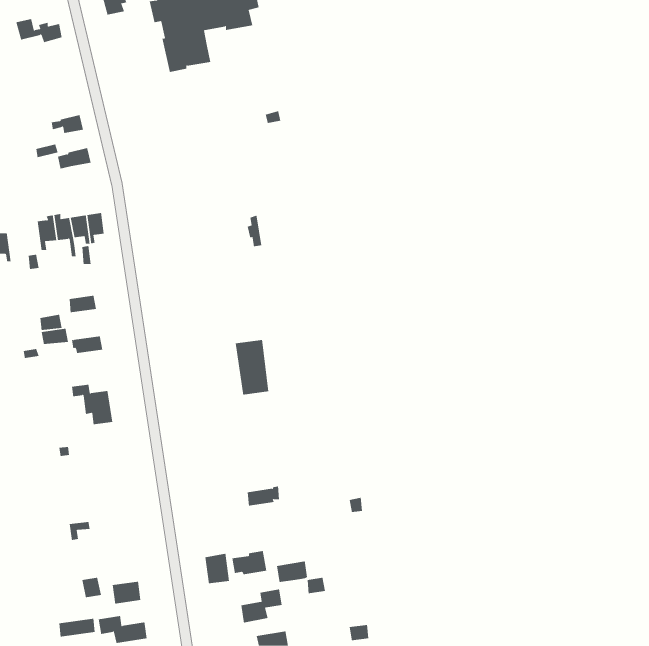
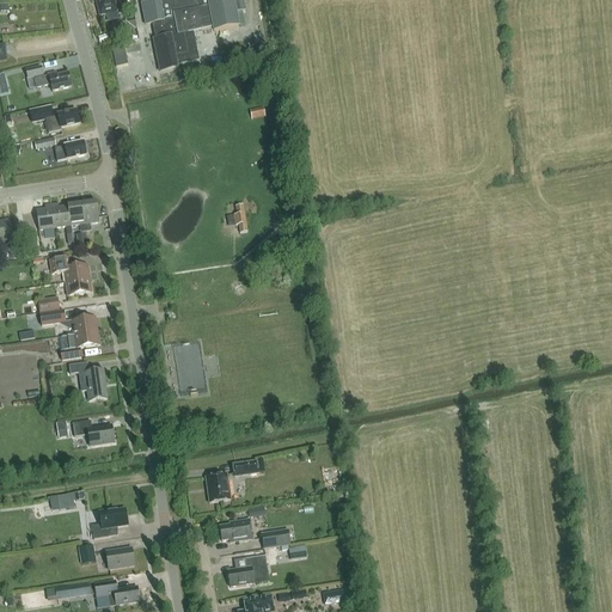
building: [15,19,62,43] -> [25,67,69,90]
building: none -> [48,255,88,281]
building: [235,339,269,395] -> [175,338,207,391]
building: none -> [57,329,98,359]
building: none -> [71,418,112,443]
building: none -> [90,507,127,537]
building: [204,553,230,584] -> [204,472,228,501]

